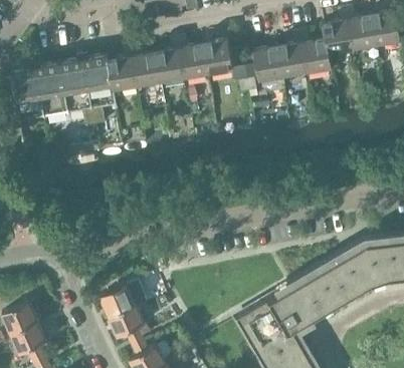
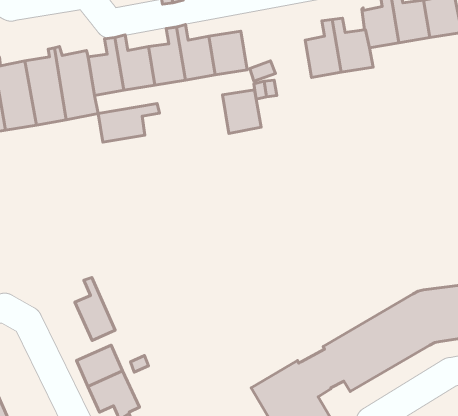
building: [253,46,283,80] -> [223,90,261,134]
building: none -> [98,103,159,142]
building: none -> [75,278,115,341]

